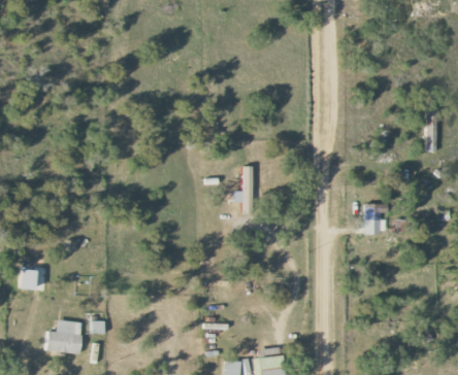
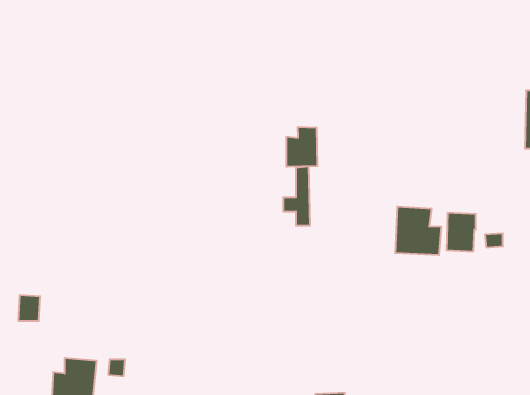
building: none -> [286,127,317,167]
building: none -> [395,206,441,255]

